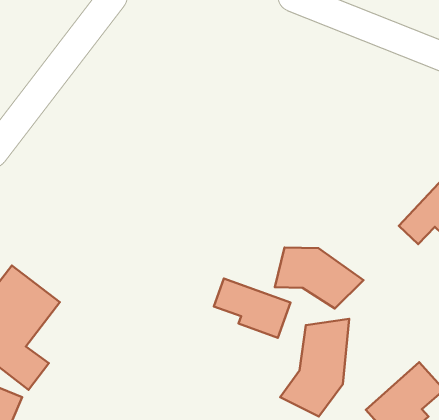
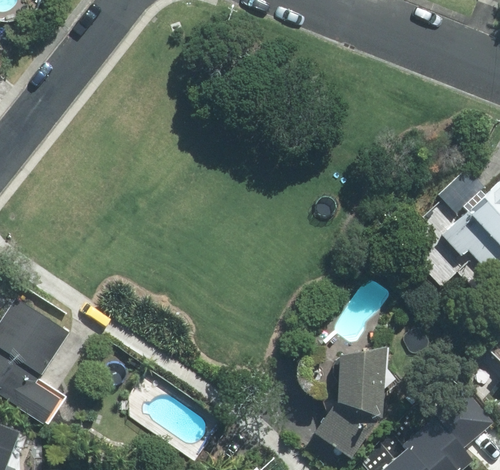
building: [275,248,363,309] -> none
building: [214,279,290,338] -> none

